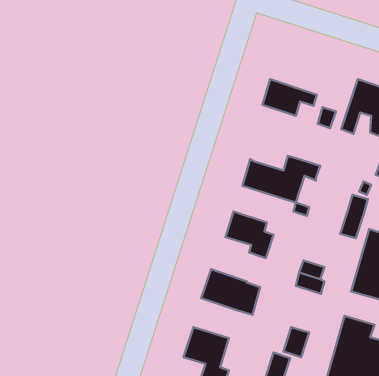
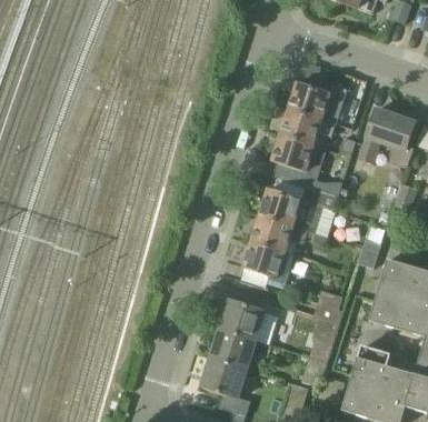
building: none -> [288,78,346,123]
building: none -> [271,133,326,187]
building: none -> [251,214,307,251]
building: none -> [309,315,339,361]
building: none -> [211,326,256,366]

